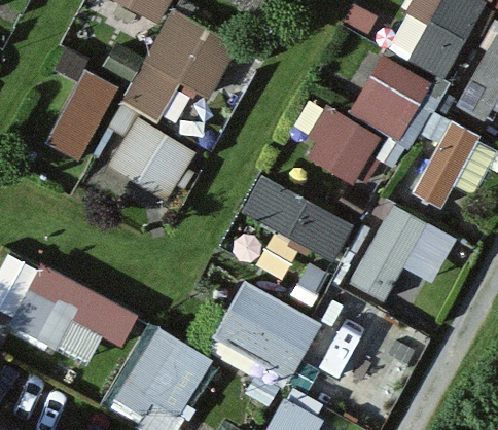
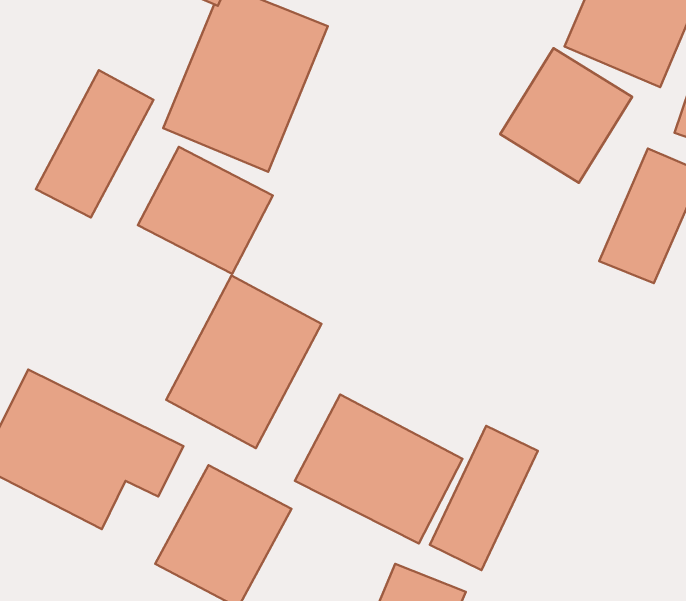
building: [304,101,389,182] -> none
building: [243,171,355,254] -> none
building: [348,194,456,311] -> none
building: none -> [166,275,321,448]

